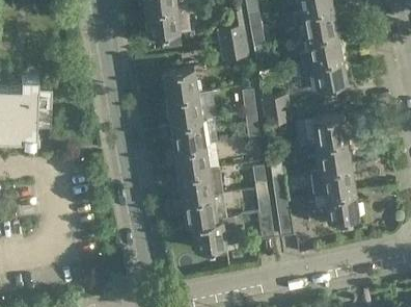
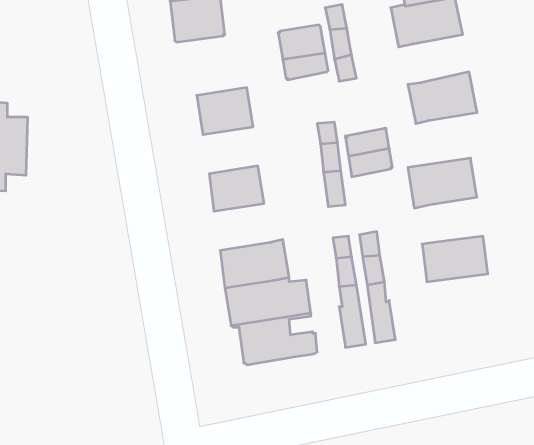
building: [299,32,342,66] -> none
building: [166,94,202,125] -> none
building: [316,140,352,171] -> none
building: [173,144,219,176] -> none
building: [306,191,359,226] -> none

